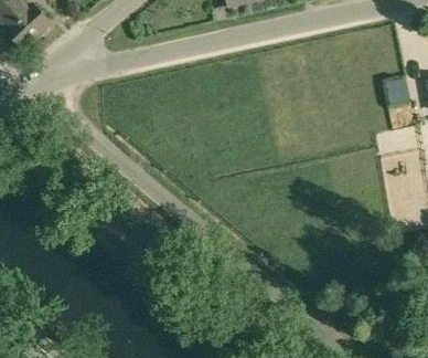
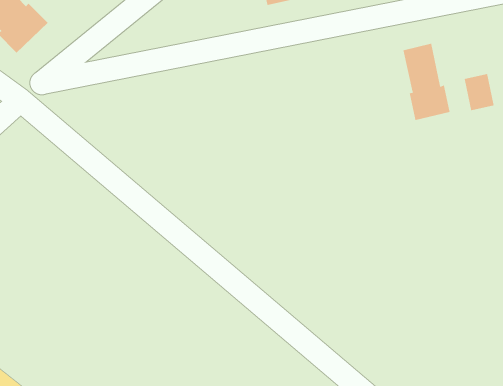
building: none -> [403,43,450,121]

